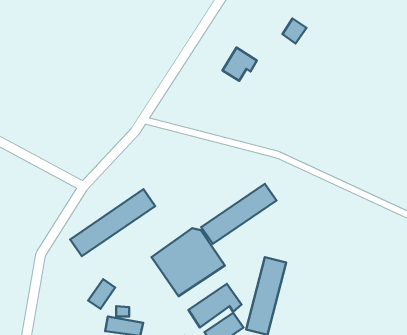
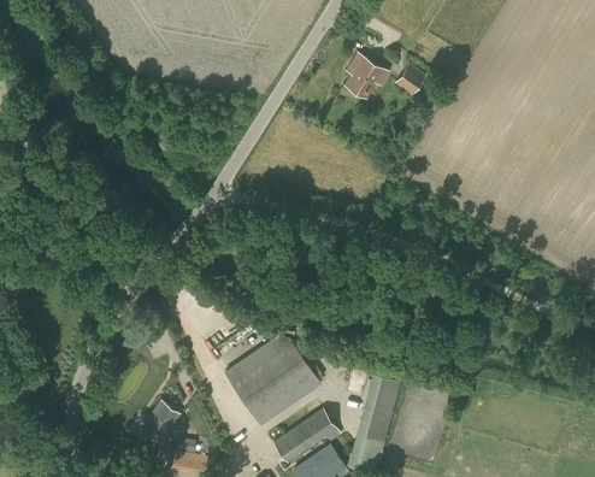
building: [222,47,257,81] -> [344,54,389,98]
building: [201,184,276,244] -> none
building: [70,189,155,256] -> none

